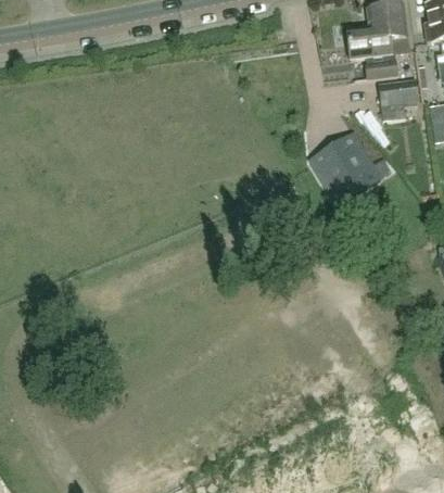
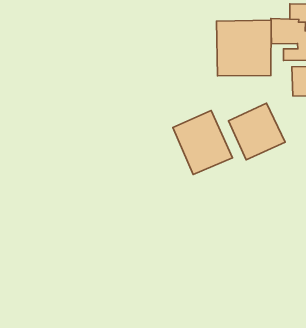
building: none -> [217,20,271,76]
building: none -> [173,110,232,174]

